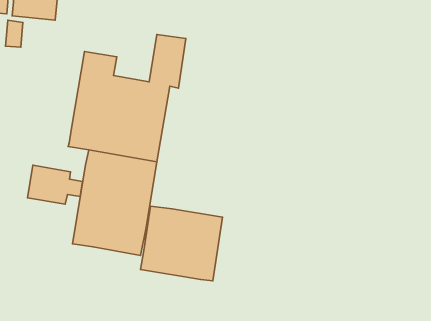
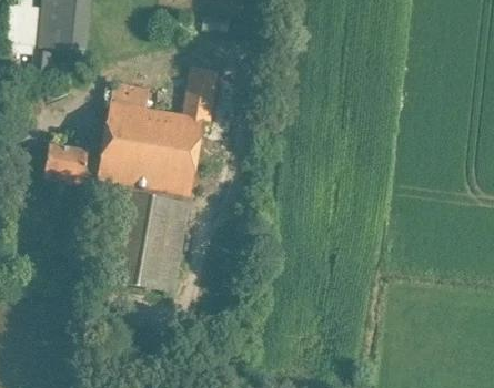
building: [27,165,82,204] -> [44,144,101,184]
building: [140,206,223,281] -> none

